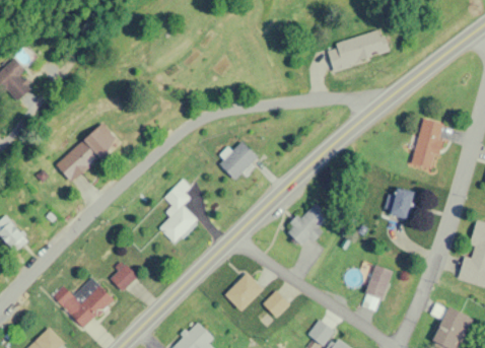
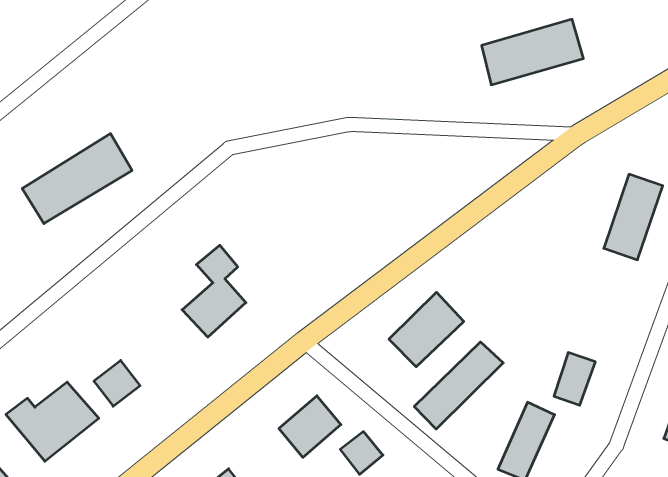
building: [219,141,257,180] -> none
building: [390,189,413,220] -> [554,353,595,405]
building: none -> [414,342,503,429]

